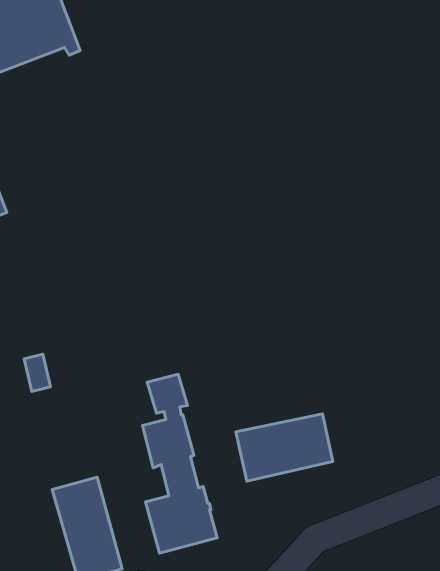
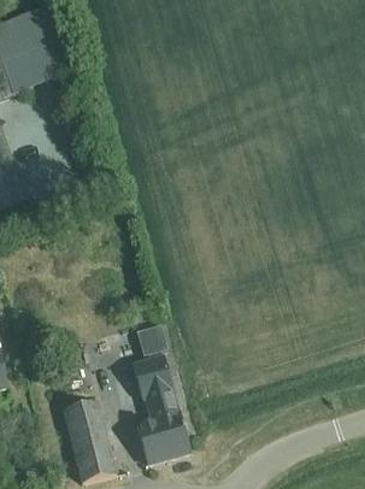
building: [236,414,333,481] -> none

